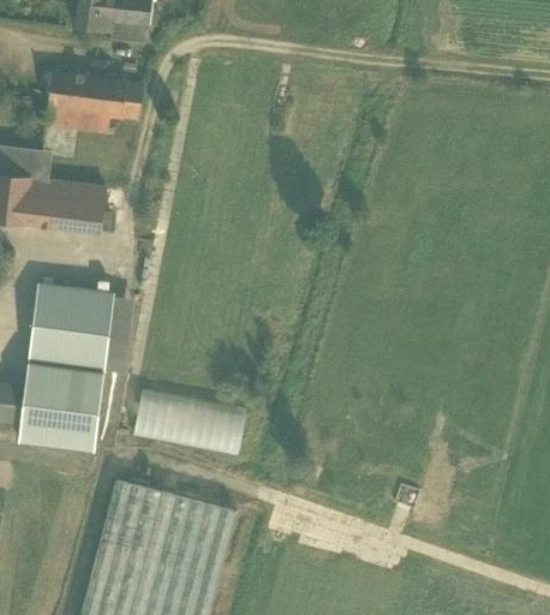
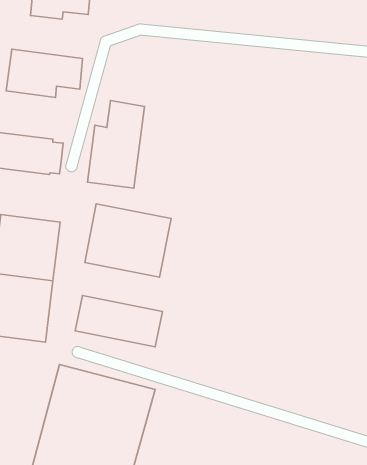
building: none -> [87,101,144,188]
building: none -> [85,204,171,277]

